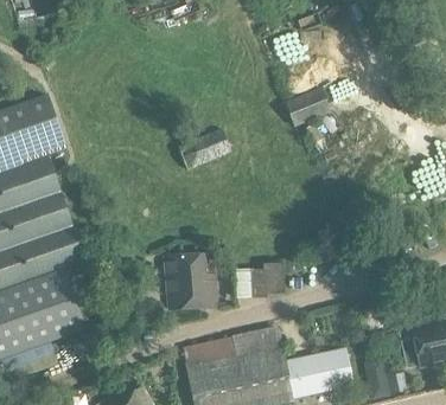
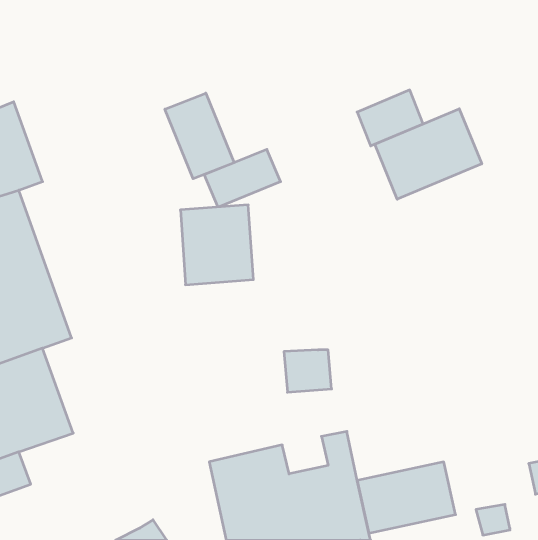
building: none -> [165,93,234,179]
building: none -> [375,109,482,199]
building: [165,252,216,308] -> [180,205,253,285]

